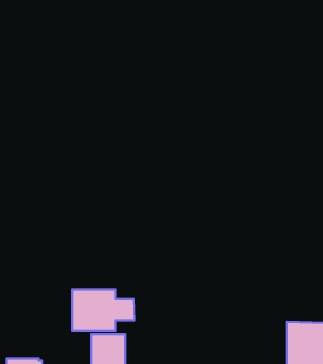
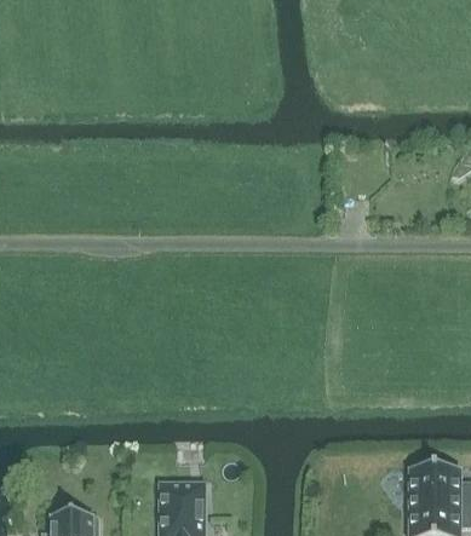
building: [72,290,135,331] -> none

